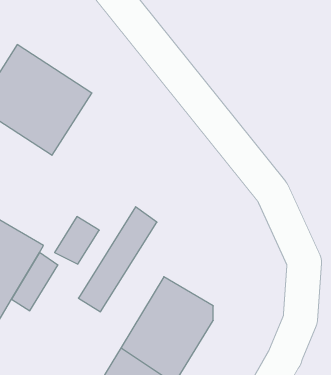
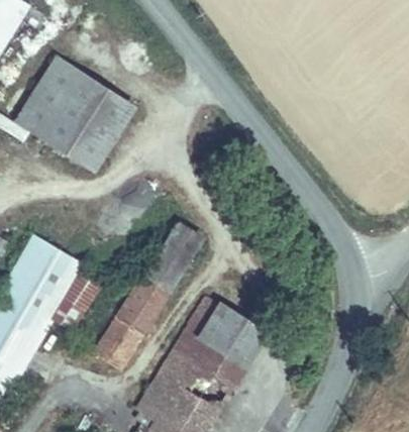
building: [55,217,99,264] -> [96,318,142,367]

